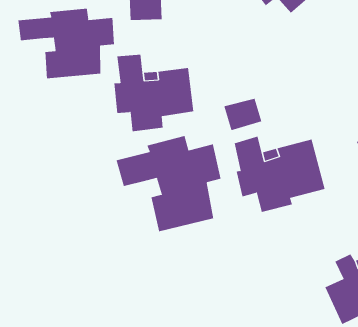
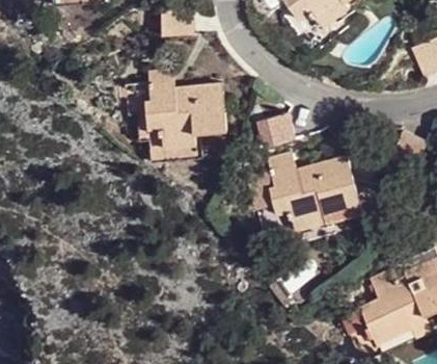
building: [18,8,114,79] -> none
building: [116,135,221,232] -> none

